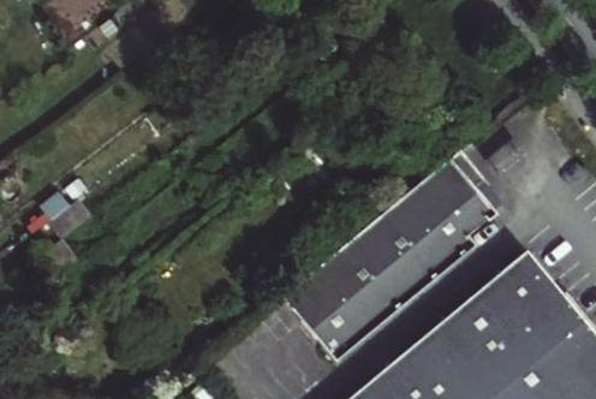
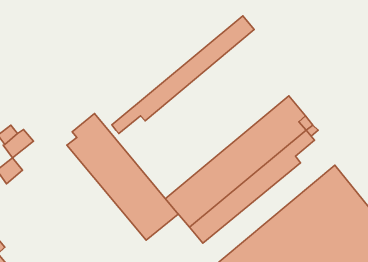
building: none -> [112,16,254,134]
building: none -> [67,113,178,240]

